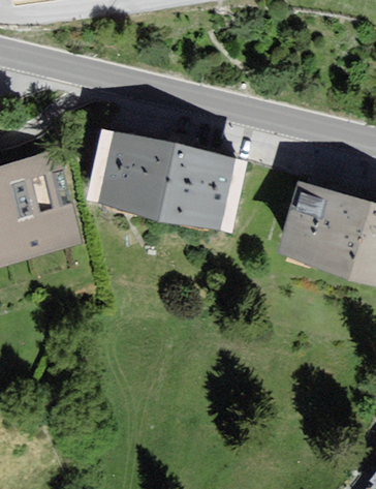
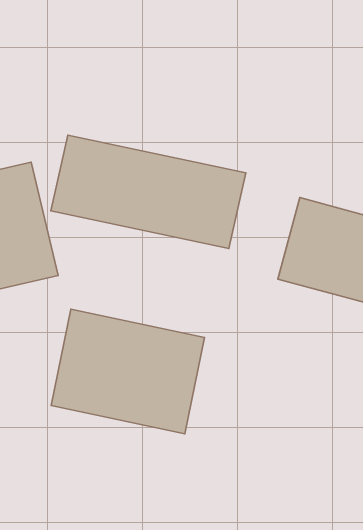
building: none -> [51,309,205,434]

